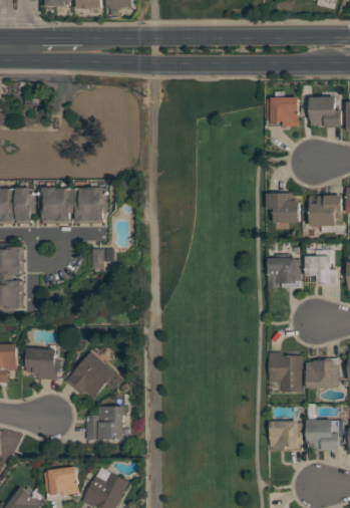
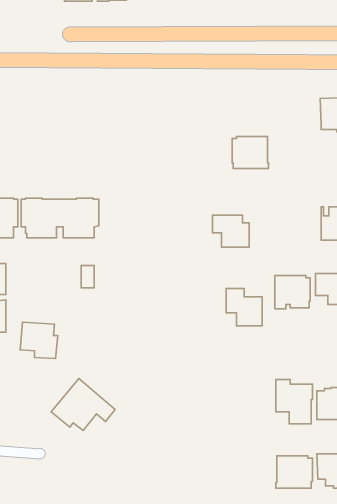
building: [266,96,299,125] -> [232,136,269,168]
building: [266,193,299,222] -> [213,215,249,247]
building: none -> [226,289,262,326]
building: [25,346,59,379] -> [20,322,58,359]
building: [86,406,124,439] -> none

